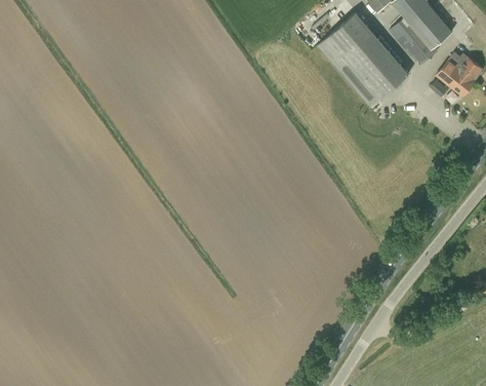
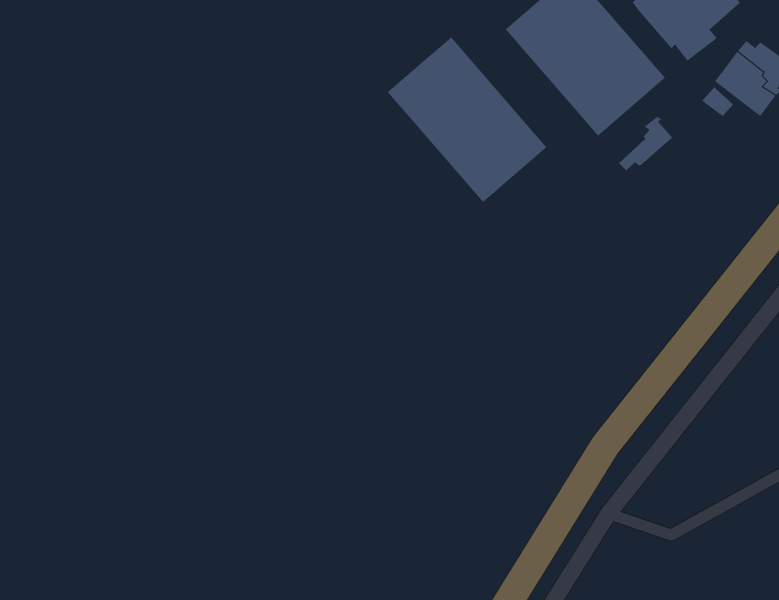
building: none -> [387,36,547,203]
building: none -> [618,116,673,171]

